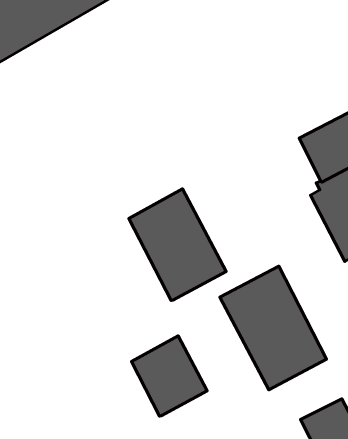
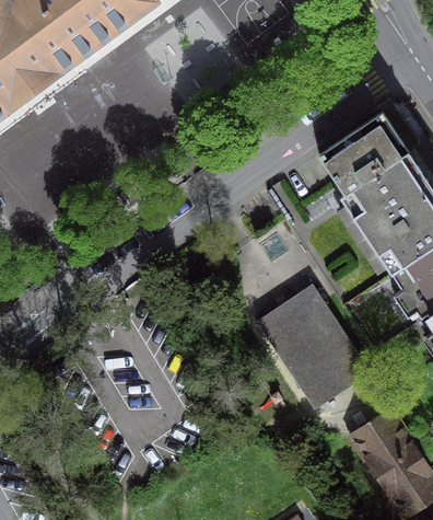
building: [129,189,226,301] -> none
building: [131,336,207,416] -> none

